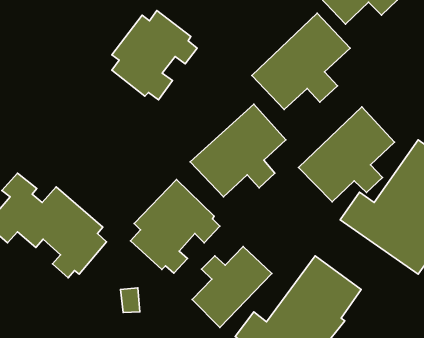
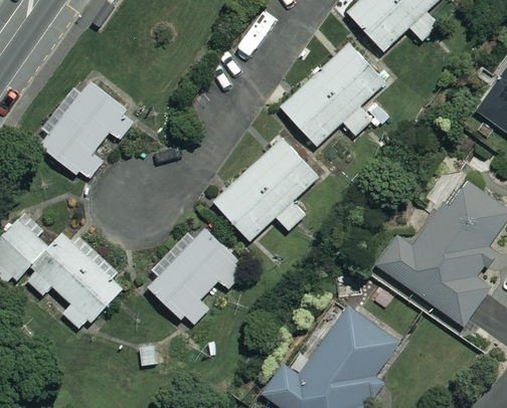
building: [112,11,197,100] -> [39,81,133,179]
building: [299,107,395,202] -> none
building: [192,246,272,327] -> none

